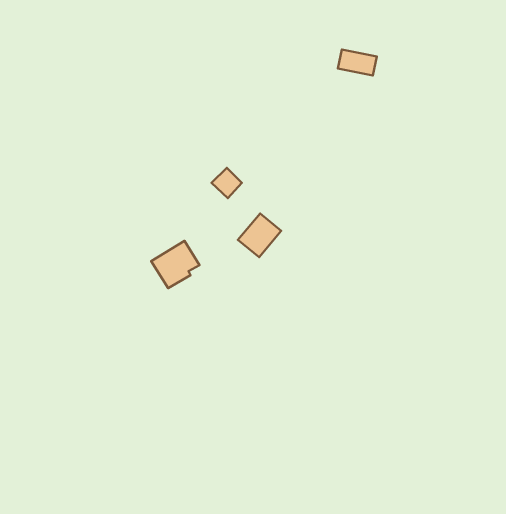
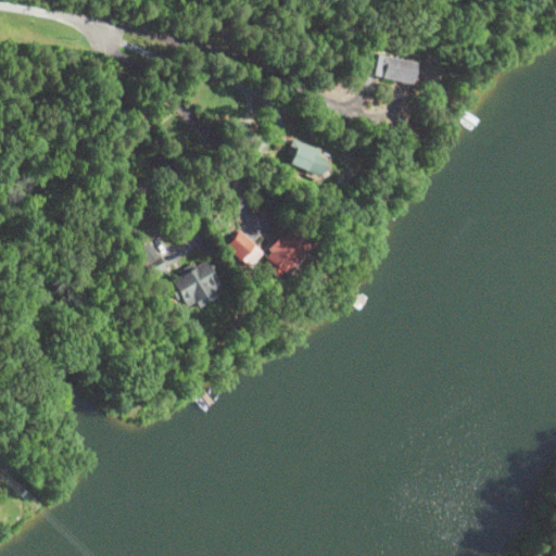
building: none -> [288,138,328,176]
building: [212,168,242,198] -> [228,228,261,261]

